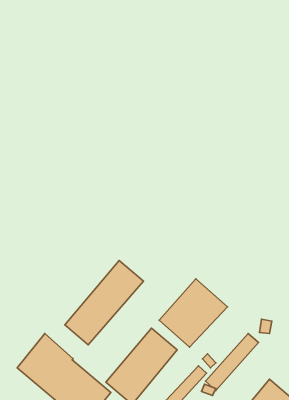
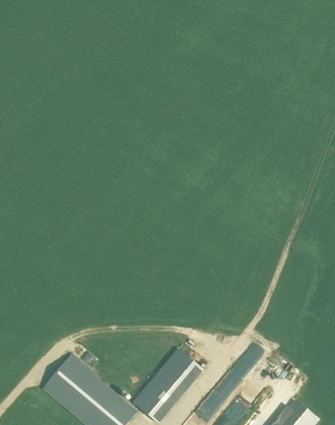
building: [65,261,143,345] -> none
building: [159,279,228,347] -> none

